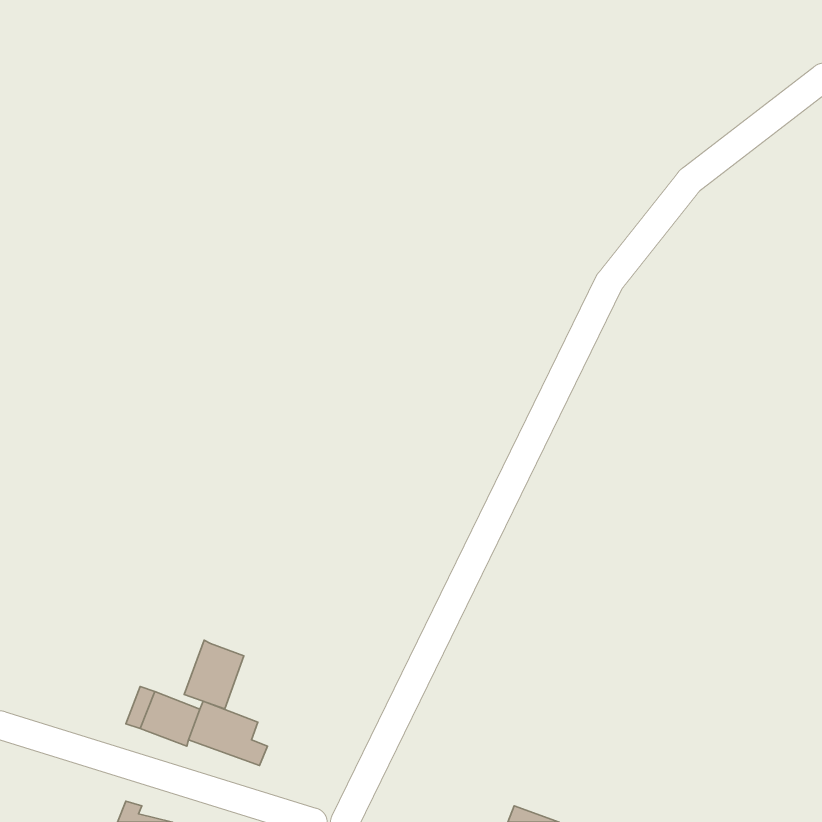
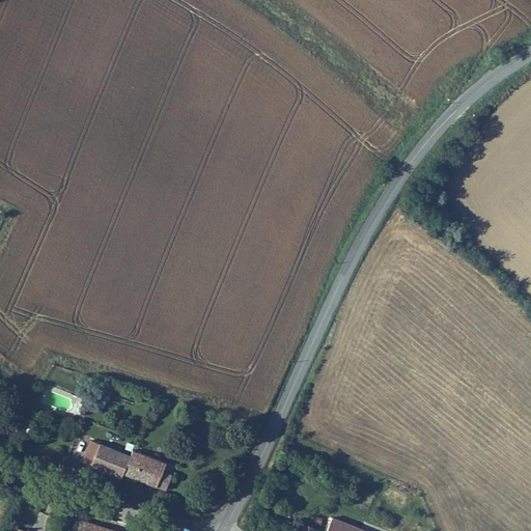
building: [184,640,244,709] -> none

